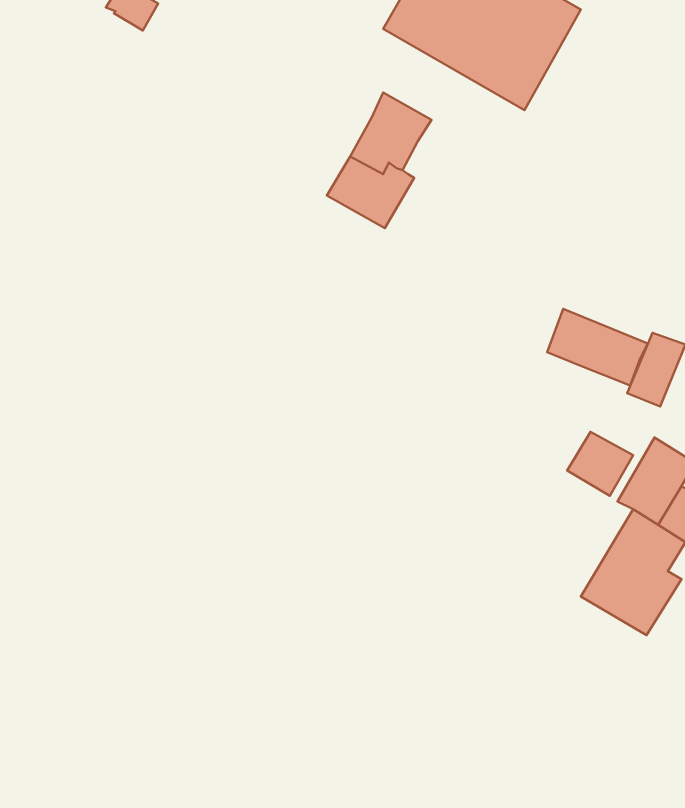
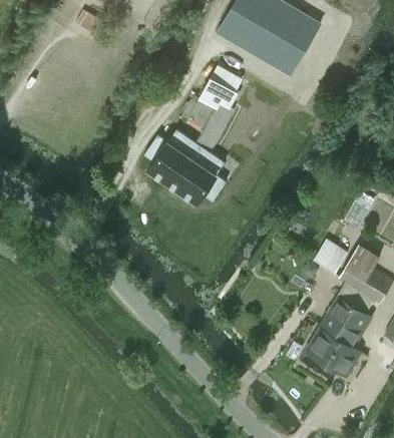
building: none -> [143,129,226,204]
building: [547,309,648,386] -> none
building: none -> [304,327,361,377]

